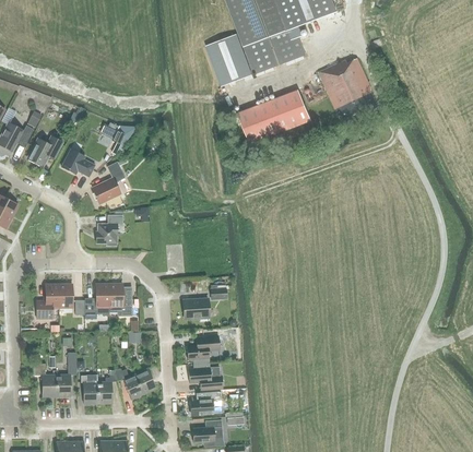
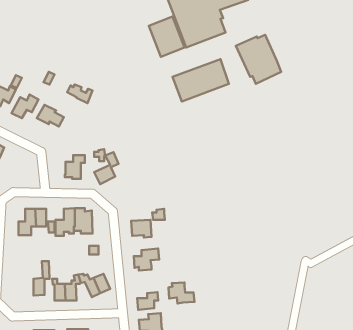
building: [92,162,123,203] -> [94,152,119,184]
building: [188,362,222,390] -> [168,282,195,303]
building: [33,364,56,396] -> none

